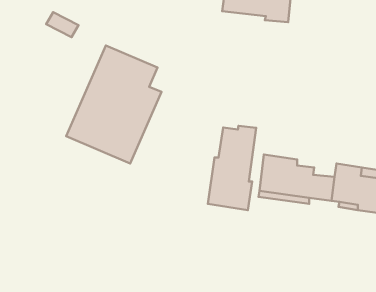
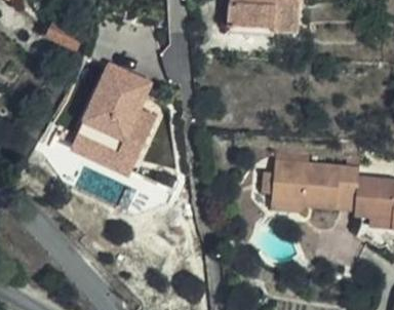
building: [208,126,256,210] -> none

